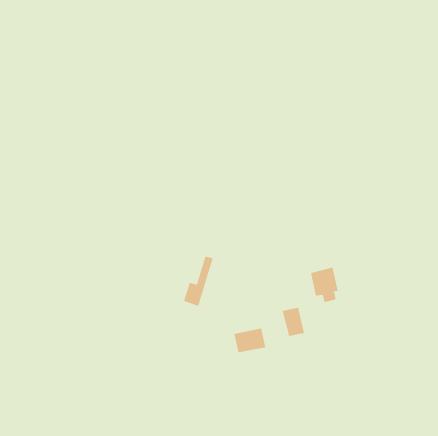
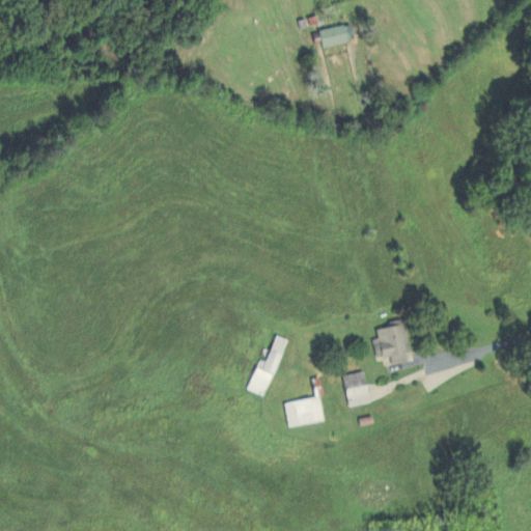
building: none -> [317,23,354,47]
building: [183,256,213,306] -> [247,335,283,396]

